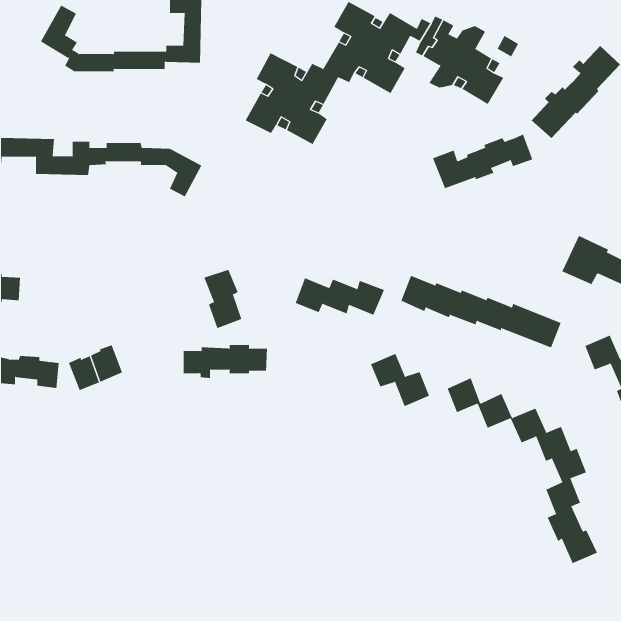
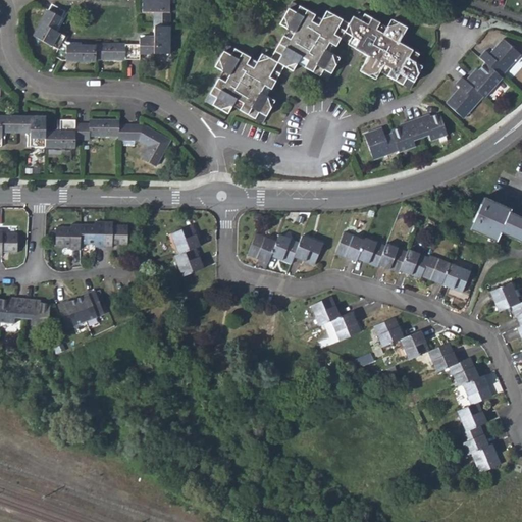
building: [183,345,268,379] -> [57,221,128,250]

